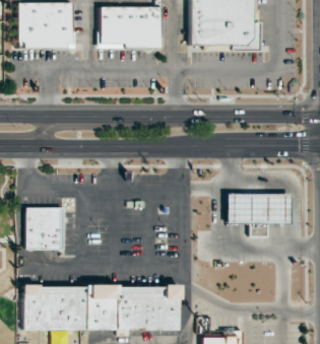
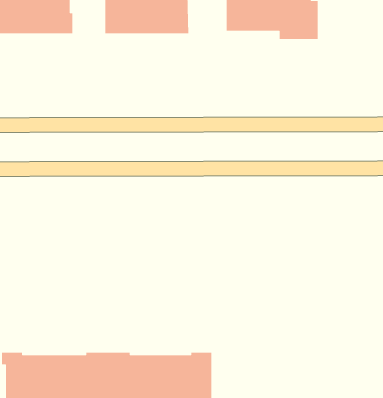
building: [225,194,287,224] -> none
building: [23,207,62,250] -> none

